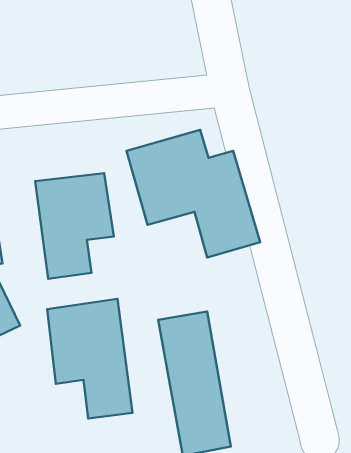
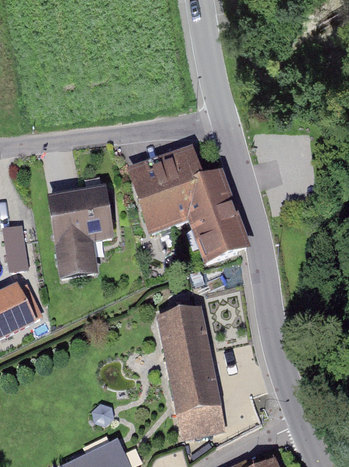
building: [47,299,133,419] -> none

